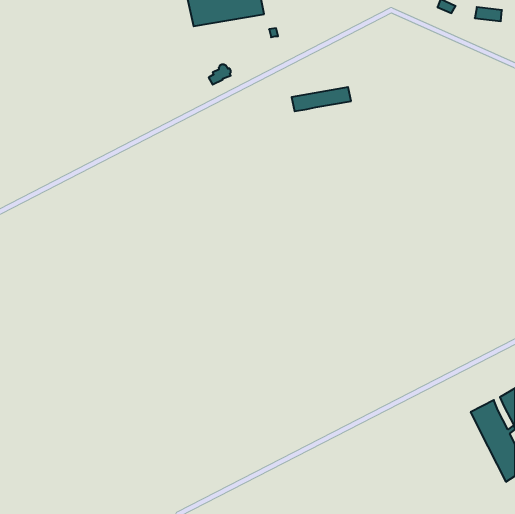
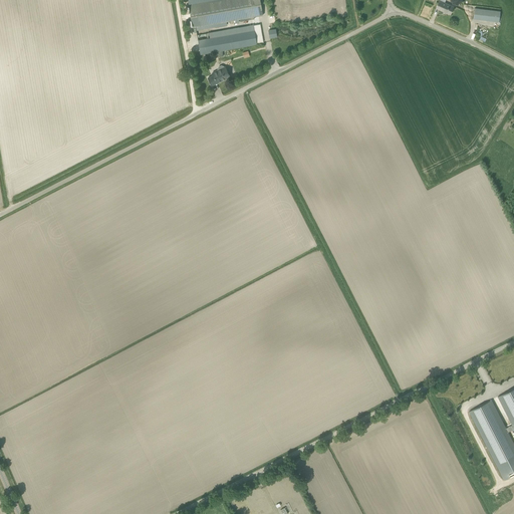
building: [292,87,351,111] -> [198,29,257,53]

